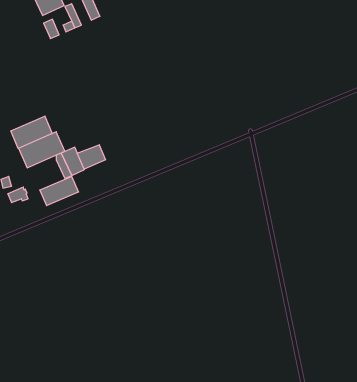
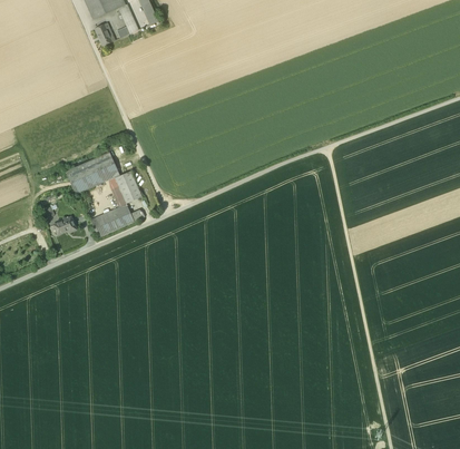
building: [11,116,52,148] -> none
building: [77,145,105,169] -> none

